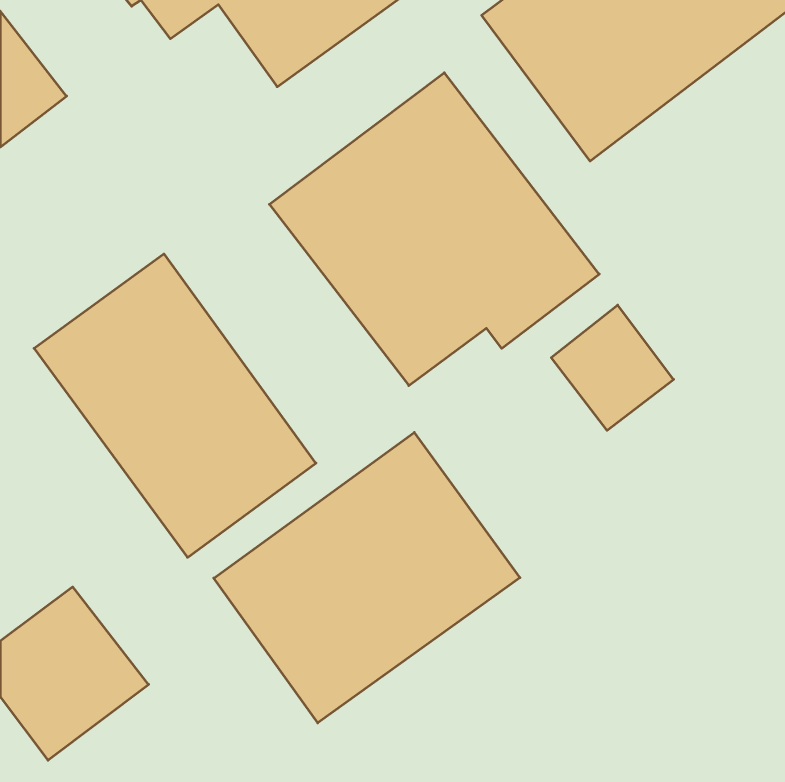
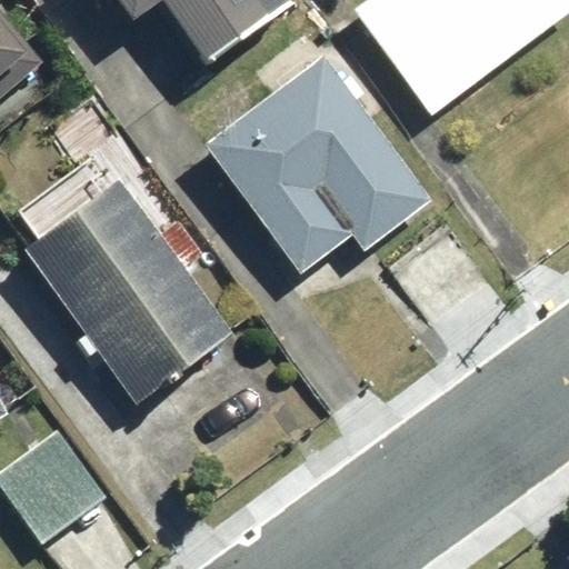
building: [214,432,520,723] -> none

